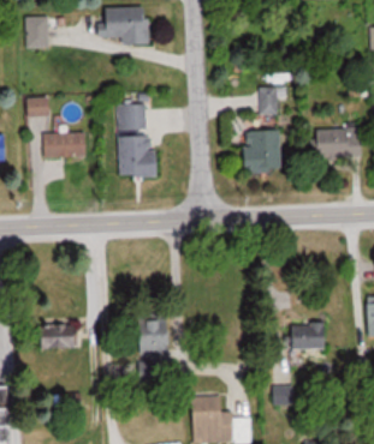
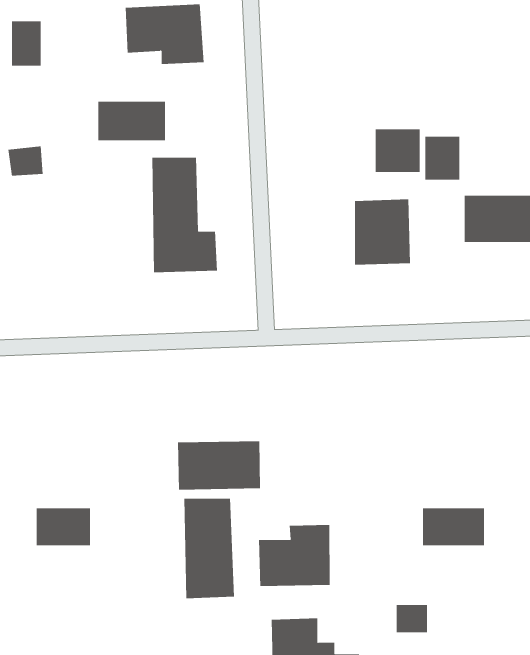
building: none -> [425,136,460,180]
building: [42,132,85,157] -> [98,101,166,141]
building: none -> [178,440,261,490]
building: none -> [259,524,330,587]

